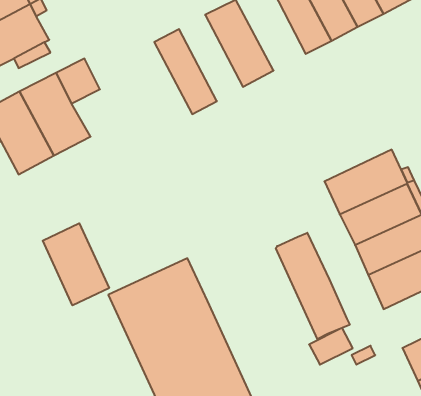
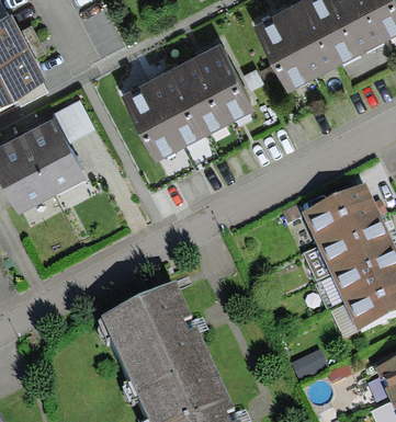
building: none -> [167,58,226,138]
building: none -> [120,83,179,162]
building: [43,223,109,305] -> none
building: [276,233,350,339] -> none

